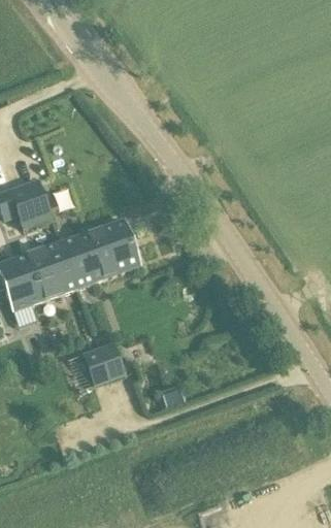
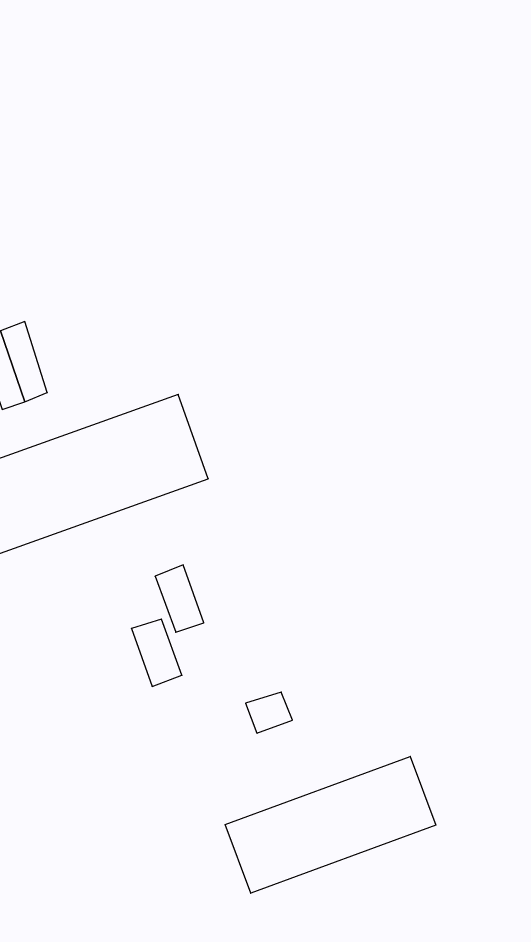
building: [81,348,108,385] -> [155,565,204,632]
building: none -> [225,756,436,893]

